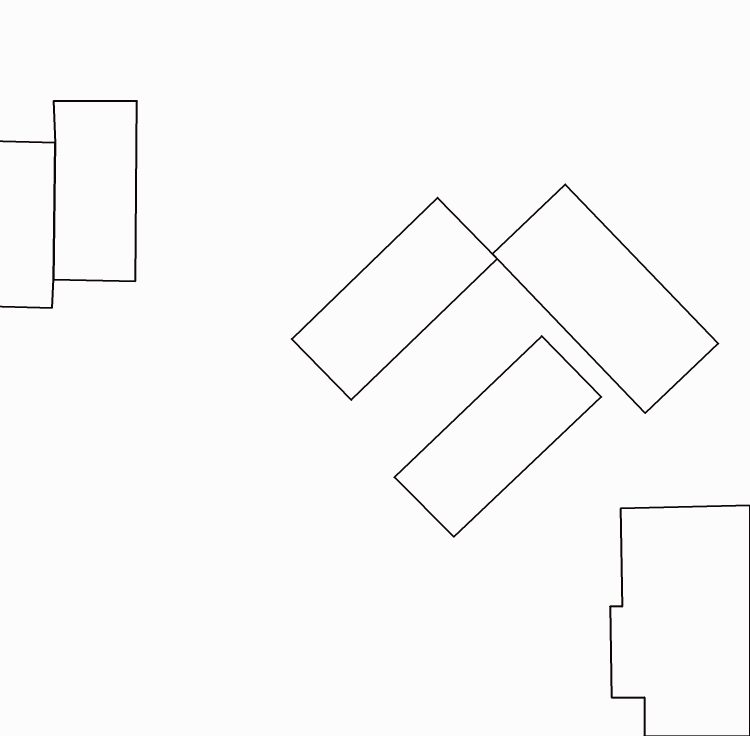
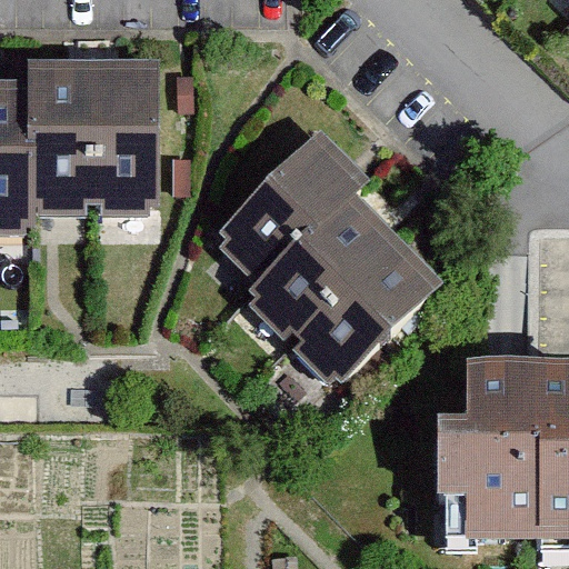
building: none -> [101,76,156,210]
building: [492,184,718,413] -> none
building: none -> [250,206,403,357]

